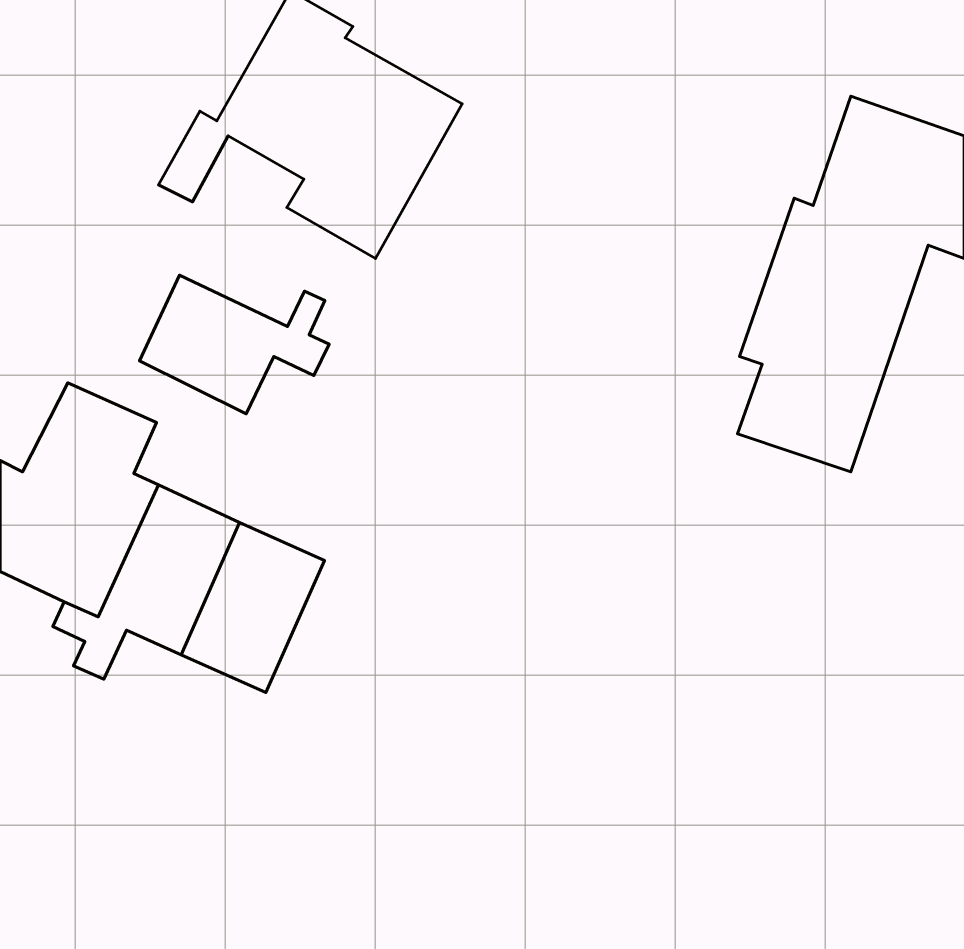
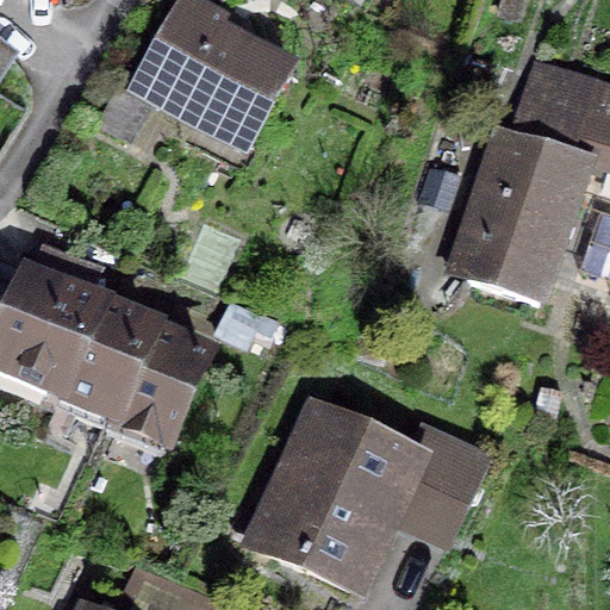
building: [140,275,329,414] -> none
building: none -> [251,403,485,590]

